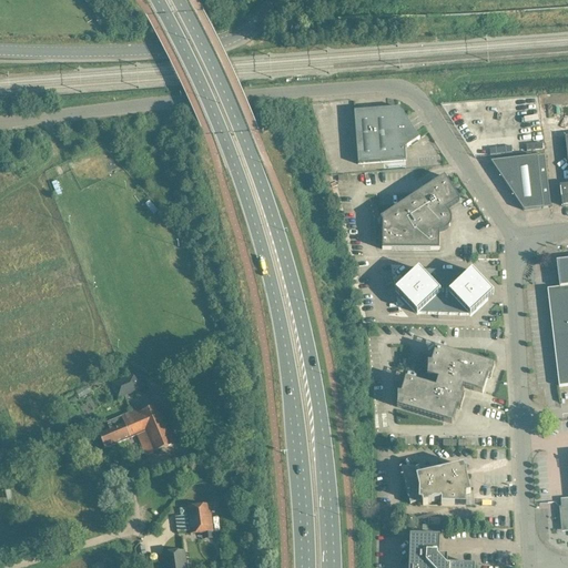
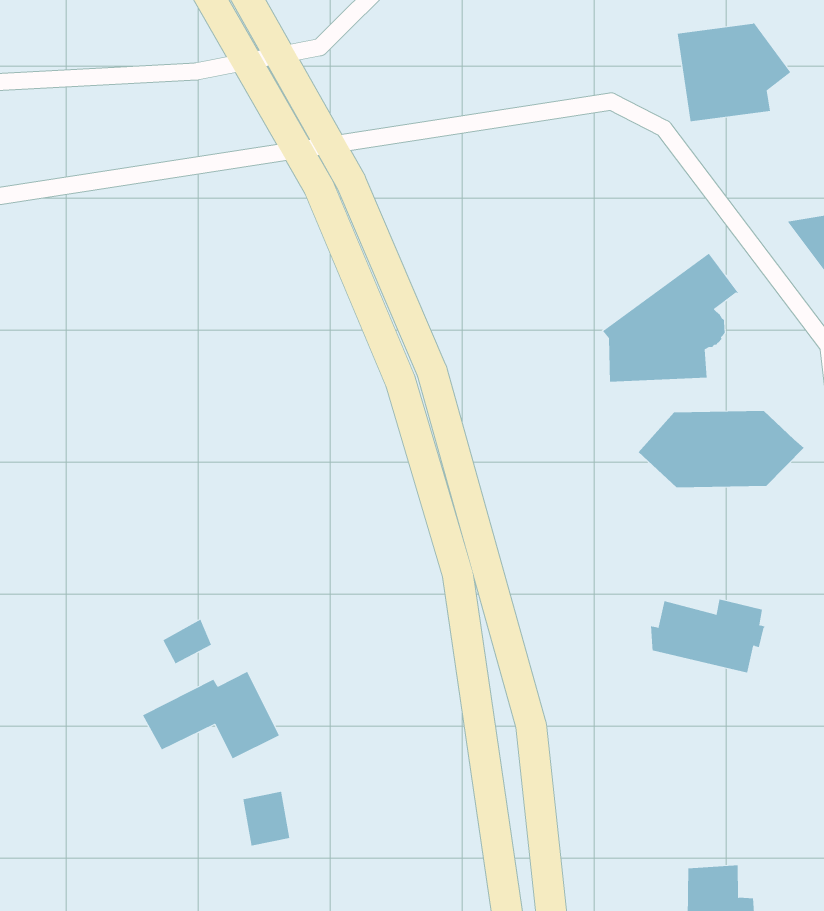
building: [354,103,419,160] -> [677,21,791,122]
building: [427,345,495,389] -> none
building: [402,463,475,503] -> none
building: [187,500,214,531] -> [242,791,290,846]

